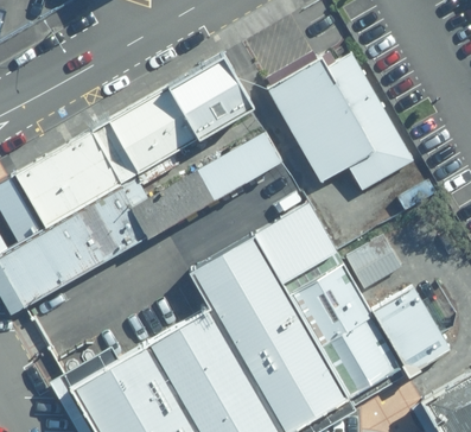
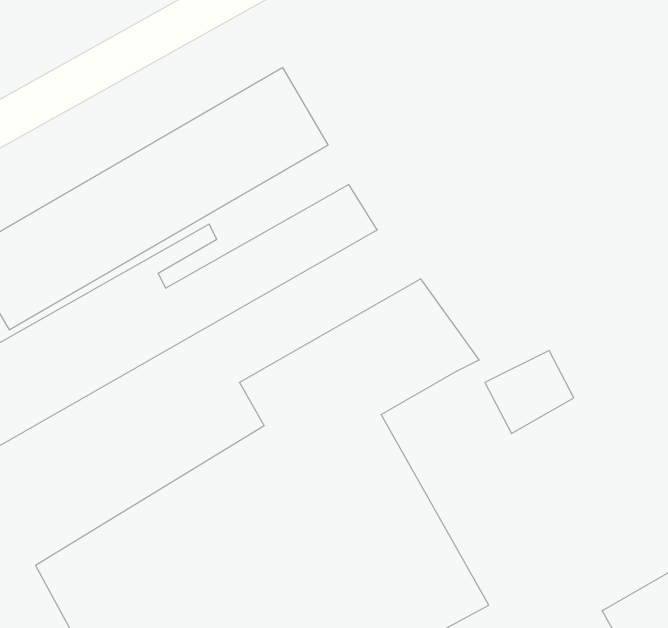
building: [265,53,416,193] -> none
building: [282,252,399,399] -> none
building: [376,286,453,375] -> none

